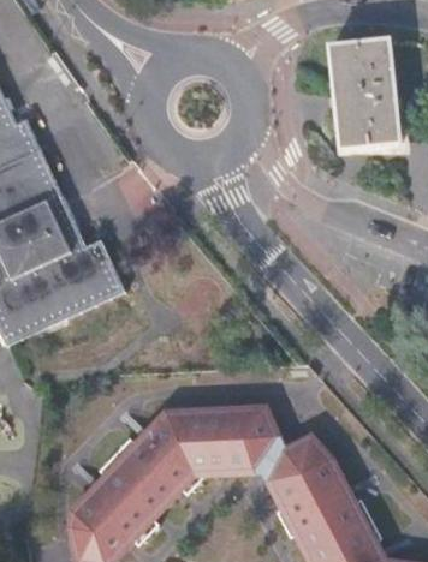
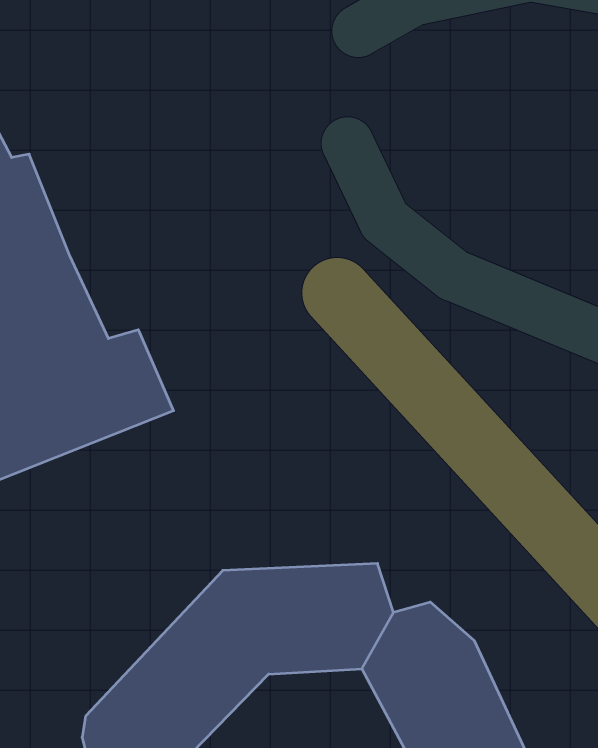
building: [332,38,397,148] -> none

